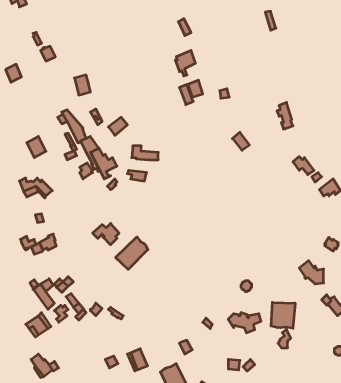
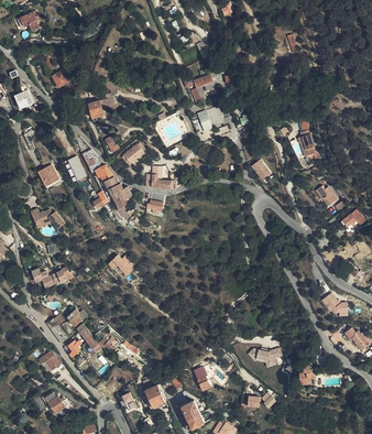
building: [116,237,148,269] -> none
building: [271,302,295,328] -> none

